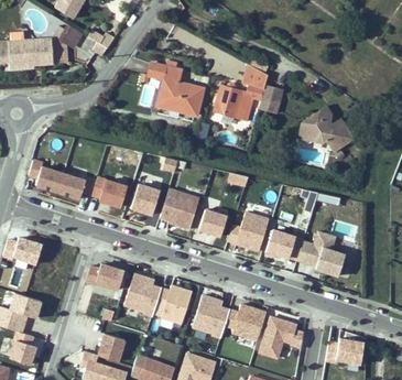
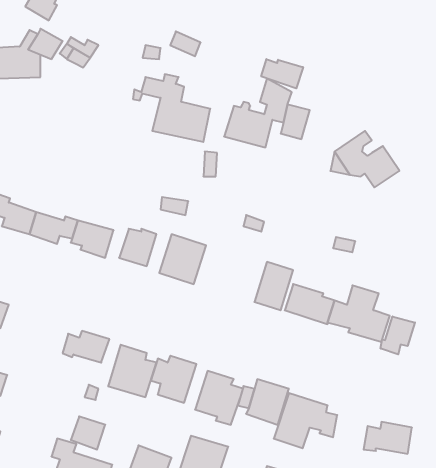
building: none -> [261,59,303,88]
building: [202,209,228,236] -> none
building: none -> [381,316,415,354]

